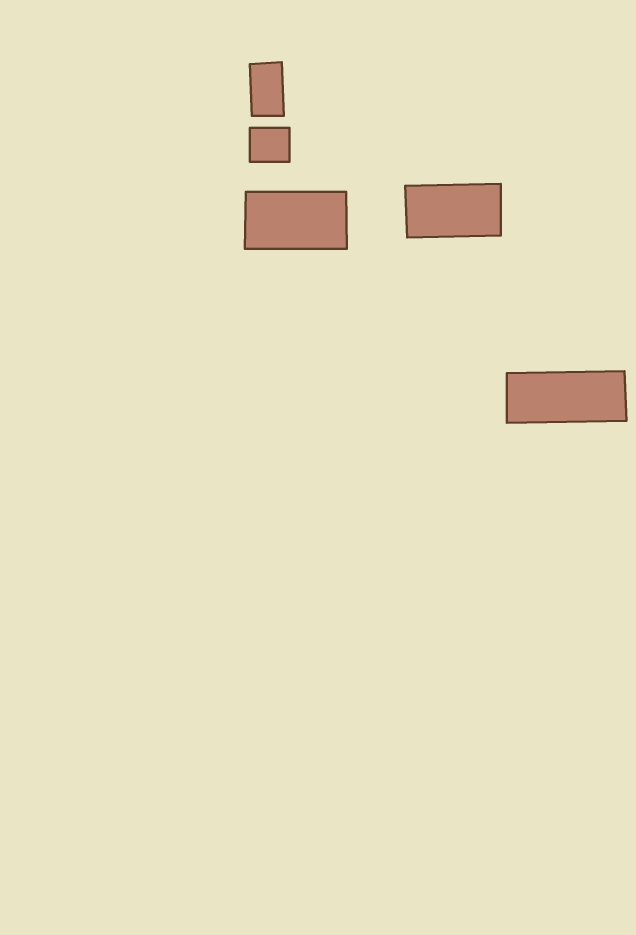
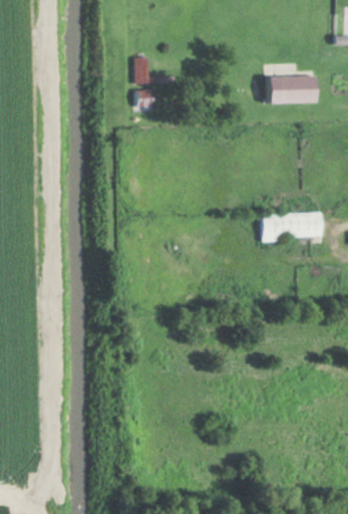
building: [405,184,501,238] -> [270,75,318,102]
building: [245,192,347,249] -> none

